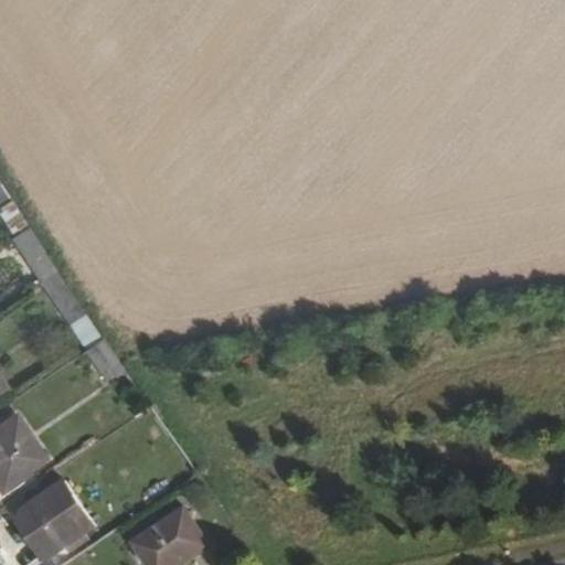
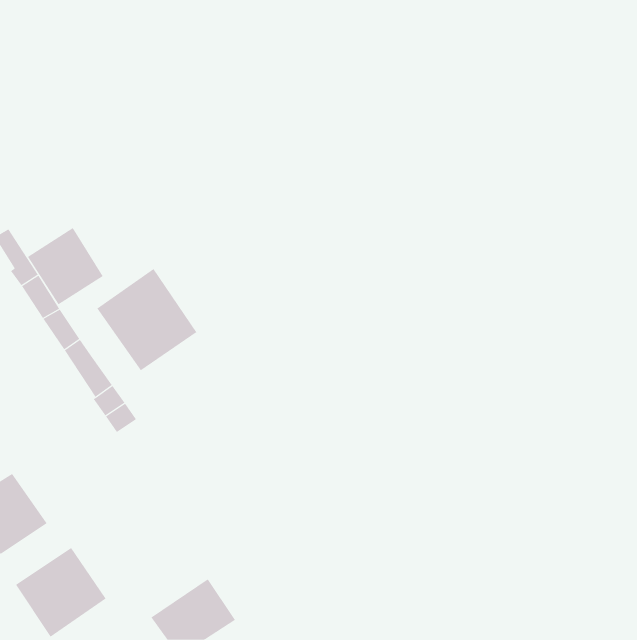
building: none -> [27,227,104,305]
building: none -> [96,268,197,371]

